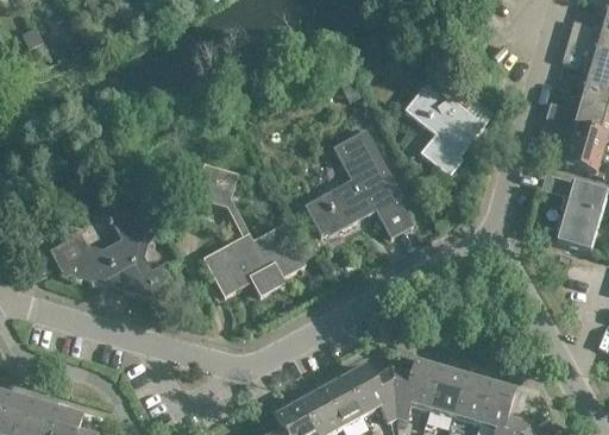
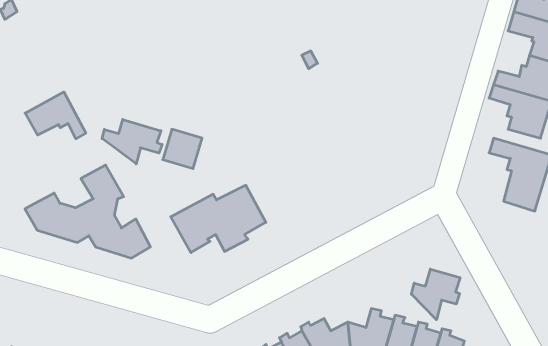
building: [404,84,492,176] -> none
building: none -> [25,92,86,139]
building: [306,130,412,238] -> none
building: none -> [102,119,162,164]
building: none -> [411,269,460,320]

